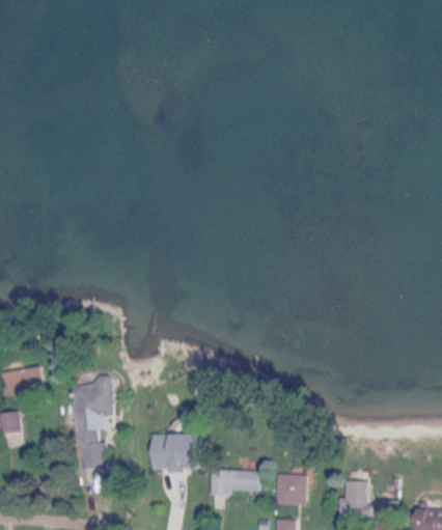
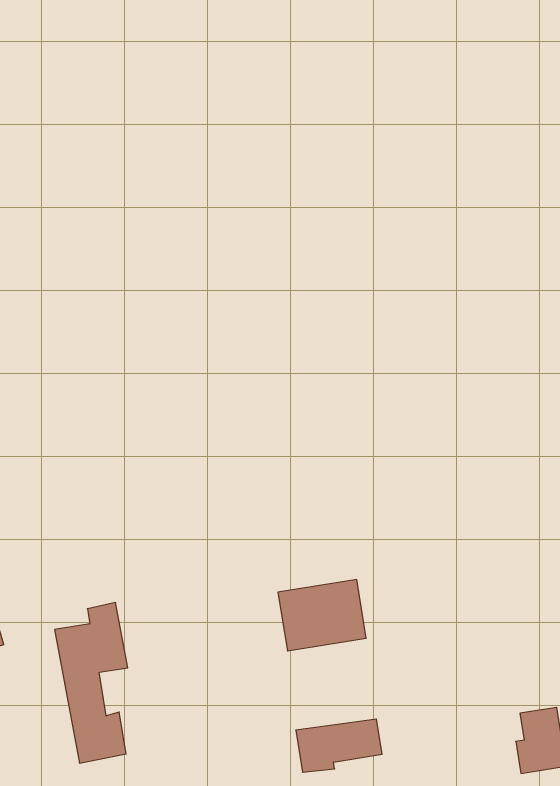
building: [153,434,201,470] -> [278,580,366,651]
building: [275,474,305,504] -> none

